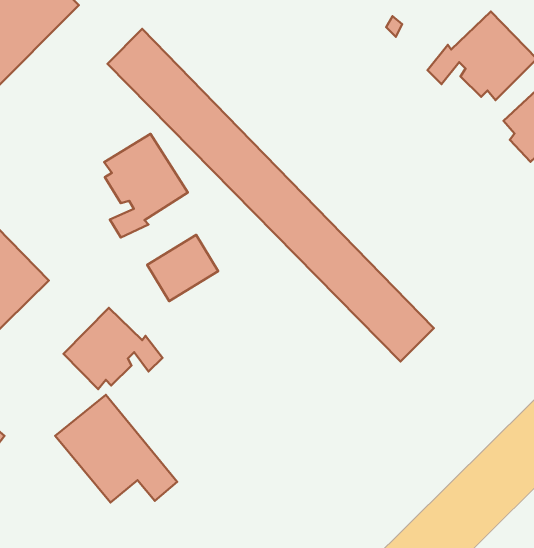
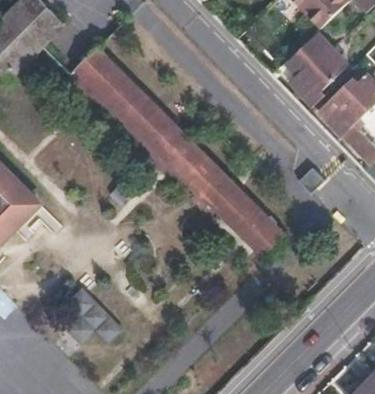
building: [104,134,188,237] -> none
building: [63,308,162,389] -> none

